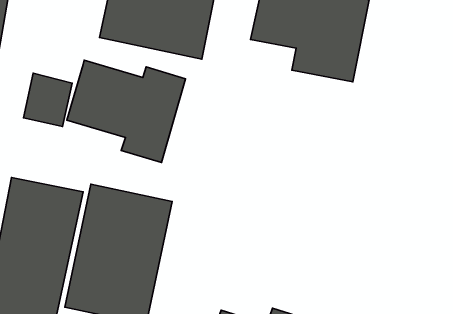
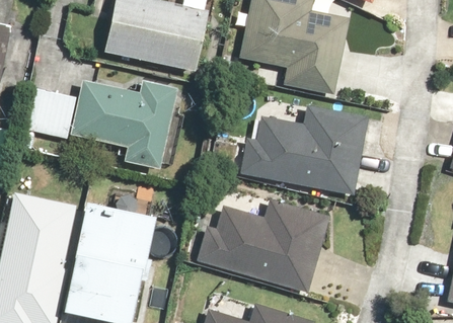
building: none -> [236,109,367,197]
building: none -> [198,198,327,292]

